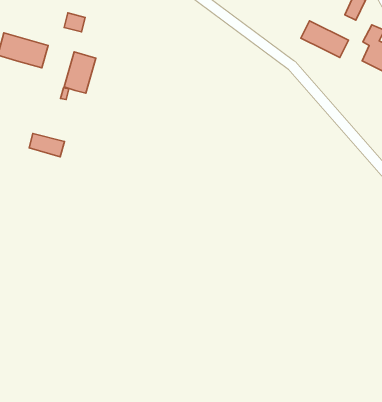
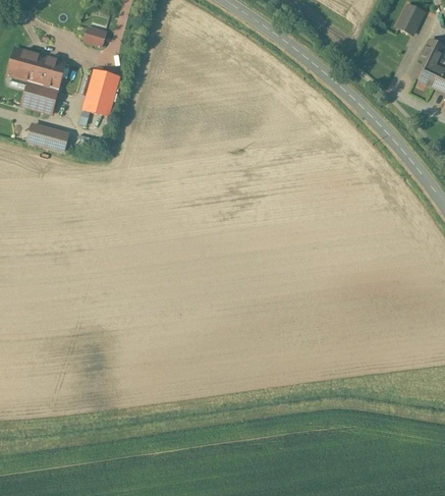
building: [301,21,348,58] -> none
building: none -> [21,79,57,112]
building: [29,134,65,157] -> [27,124,67,151]

